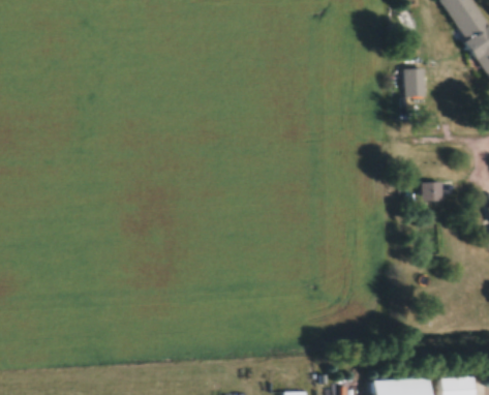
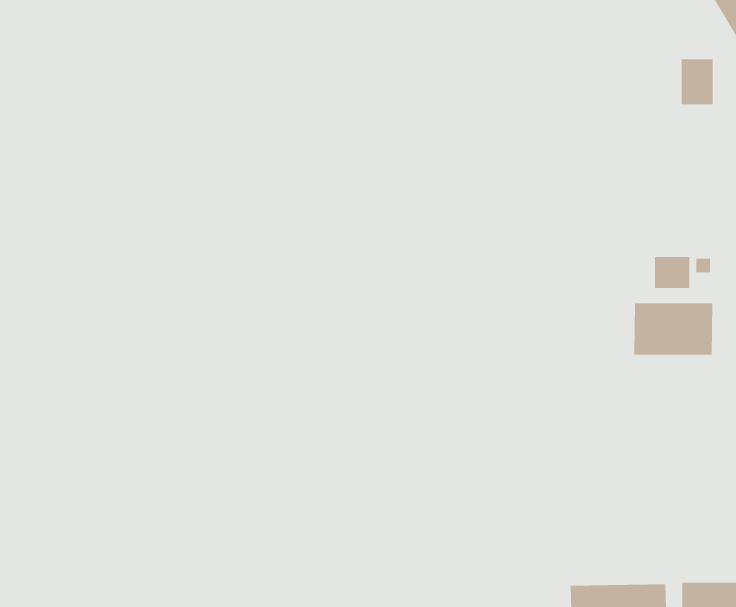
building: [405,69,425,97] -> [681,58,713,105]
building: none -> [634,303,713,355]

